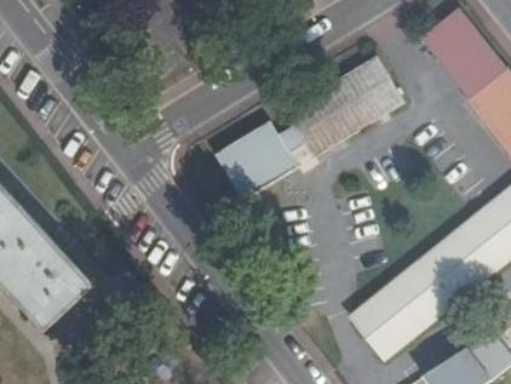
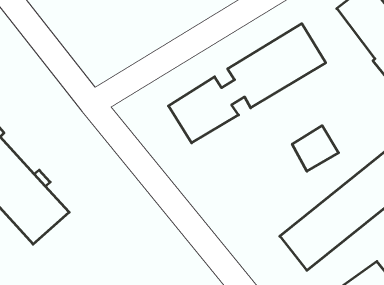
building: none -> [292,126,339,171]

